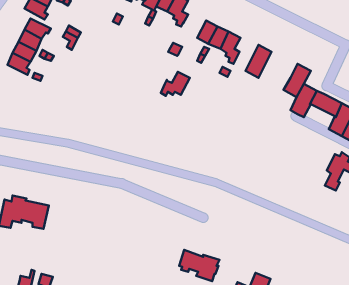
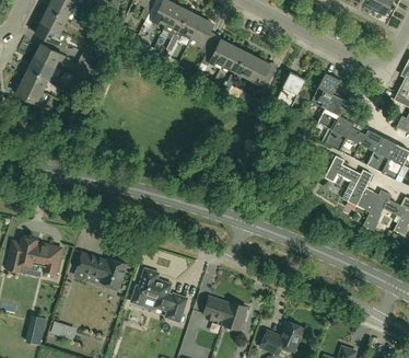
building: none -> [311,72,339,108]
building: [161,72,190,96] -> [201,39,233,66]
building: none -> [324,155,373,209]
building: none -> [77,252,127,287]
building: none -> [131,268,187,322]

